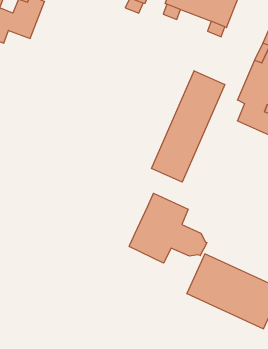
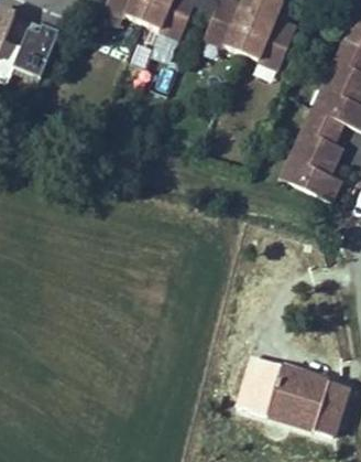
building: [151,71,225,182] -> none
building: [129,193,207,263] -> none

